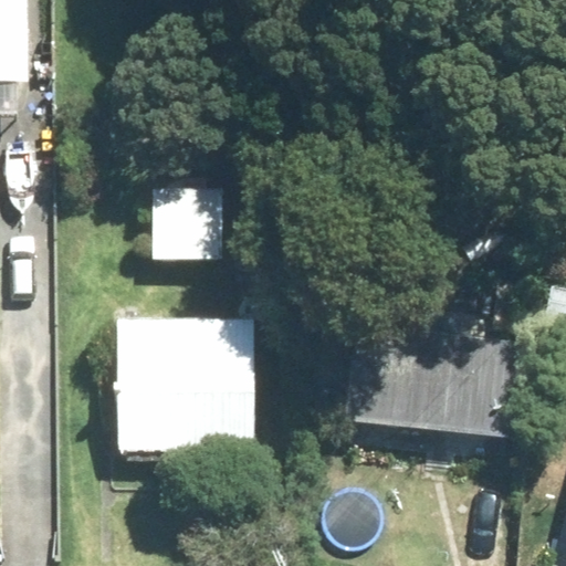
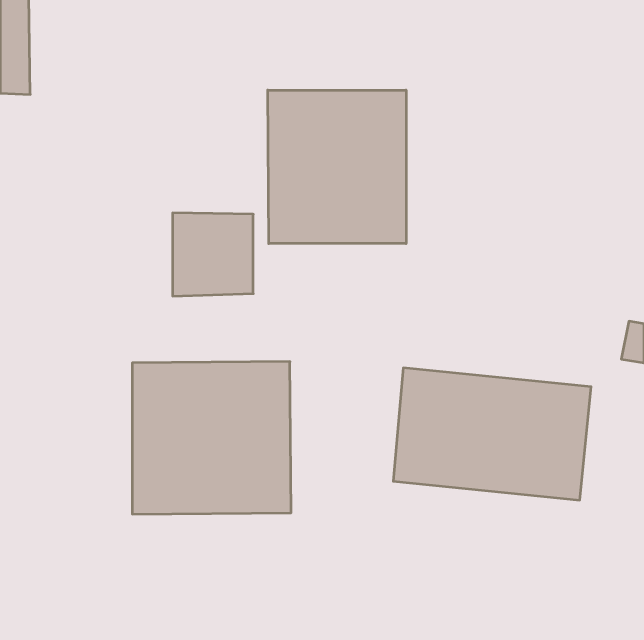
building: none -> [268,90,406,244]

